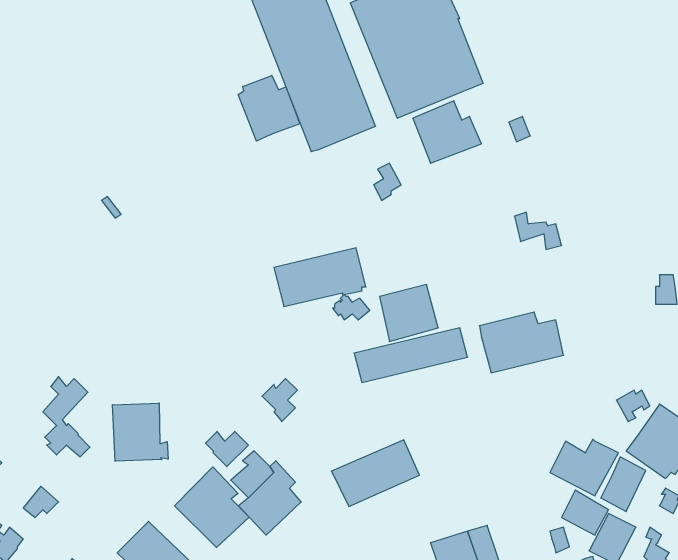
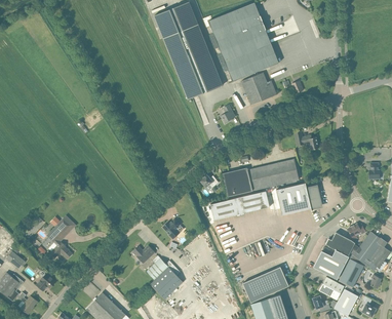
building: [238,75,300,141] -> none
building: [274,248,366,307] -> [250,159,299,190]
building: [112,403,168,461] -> none
building: none -> [325,232,359,257]
building: [331,440,419,506] -> [242,267,288,302]
building: [175,467,249,548] -> none

